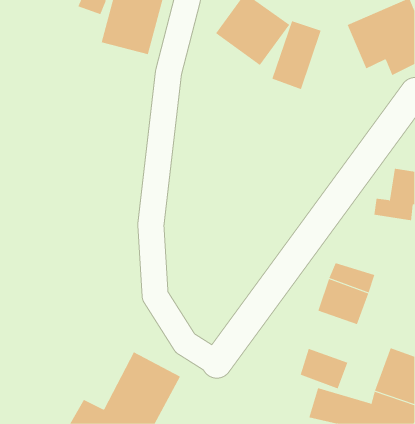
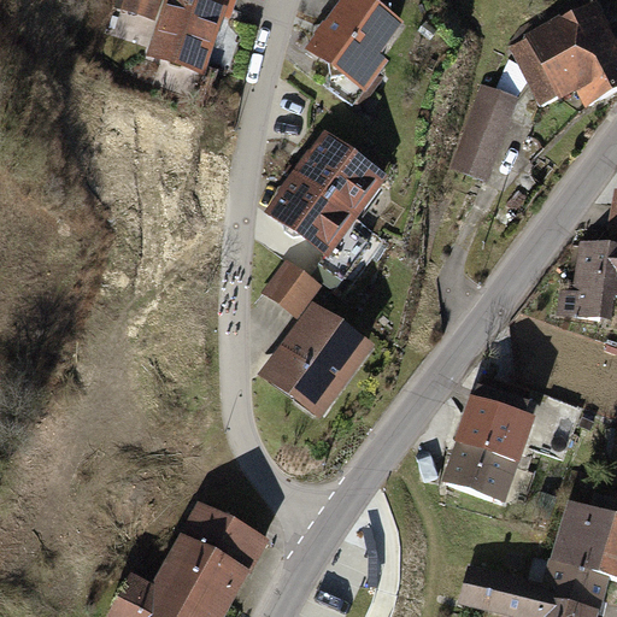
building: [272,21,322,90] -> [443,86,516,186]
building: none -> [271,125,399,257]
building: none -> [262,242,334,319]
building: none -> [263,302,386,427]
building: [300,348,348,389] -> [447,449,517,509]

